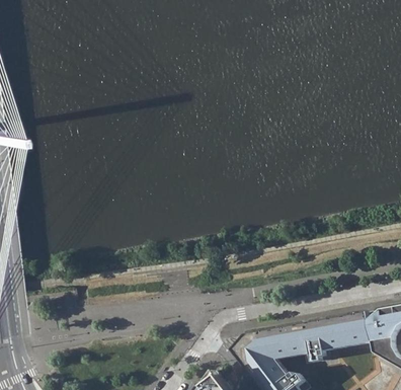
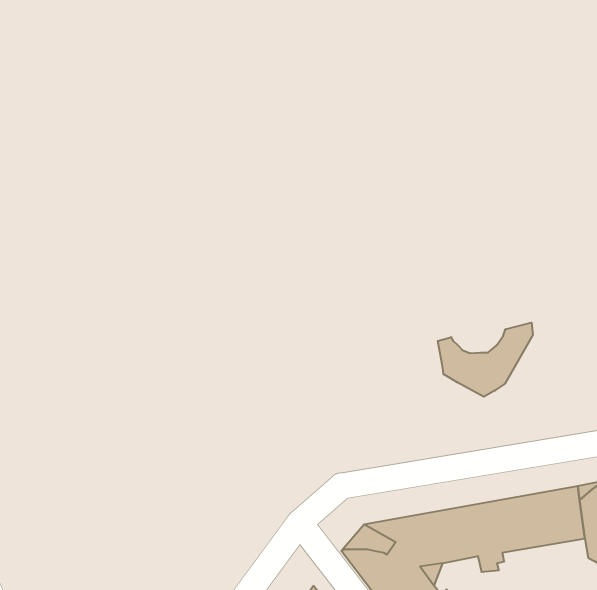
building: none -> [438,323,533,397]

